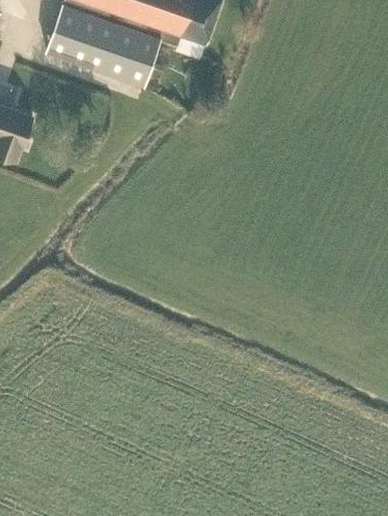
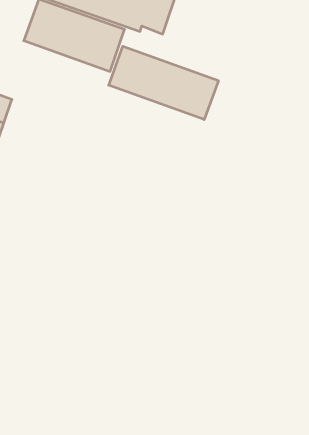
building: none -> [109,46,218,120]

